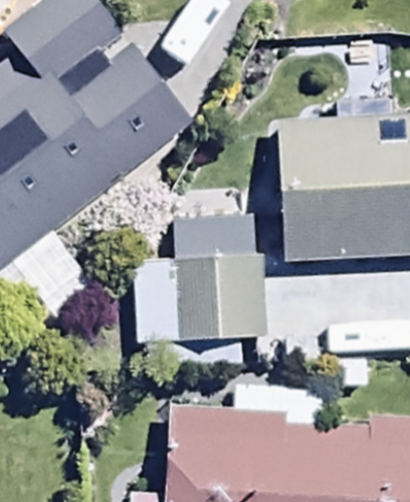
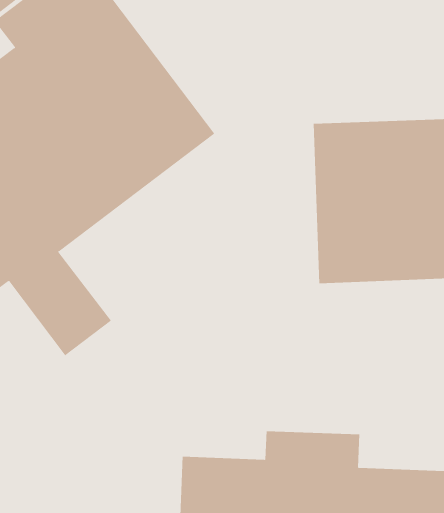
building: [136,218,266,340] -> none

